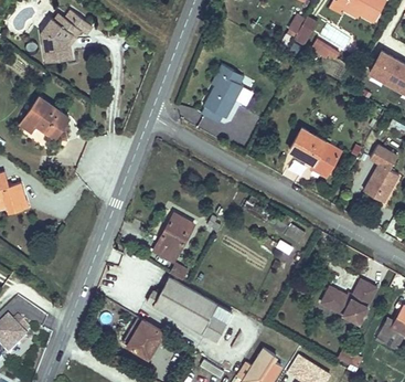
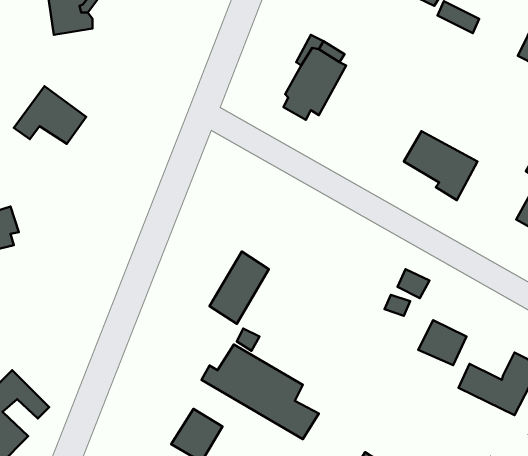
building: none -> [418,320,467,365]

